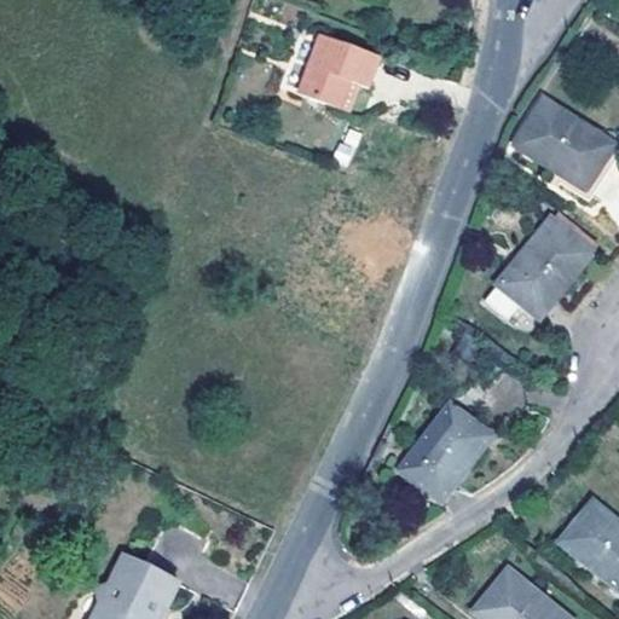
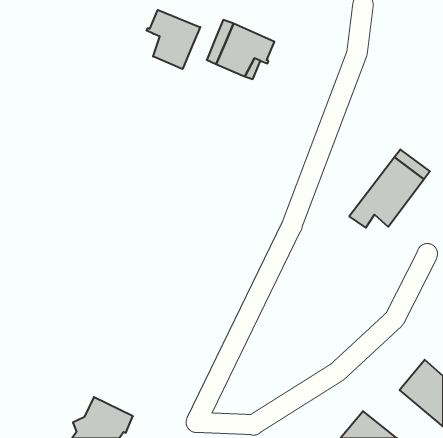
building: none -> [147,10,200,69]
building: [513,97,609,186] -> none
building: [397,406,490,504] -> none

